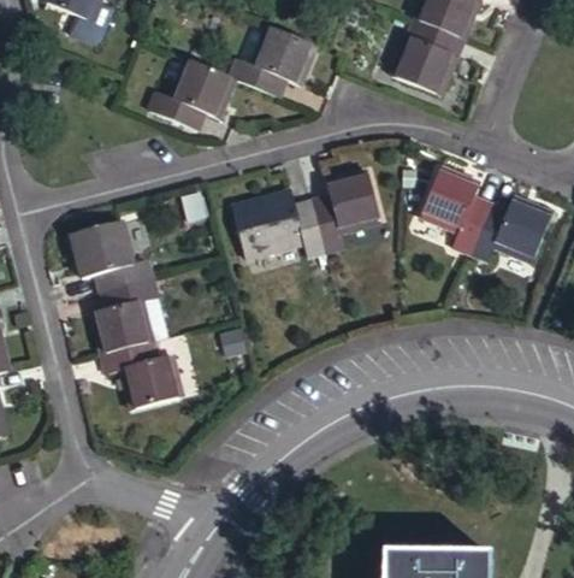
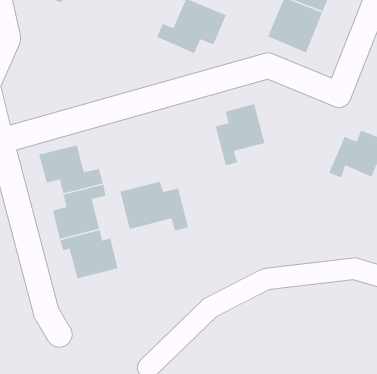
building: [162,61,254,131] -> none
building: [415,169,490,260] -> none
building: [230,185,326,255] -> [119,181,189,231]

